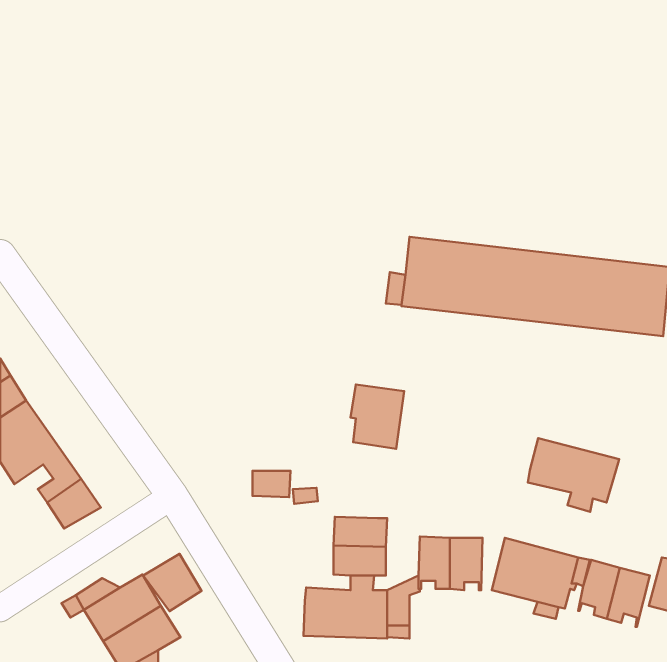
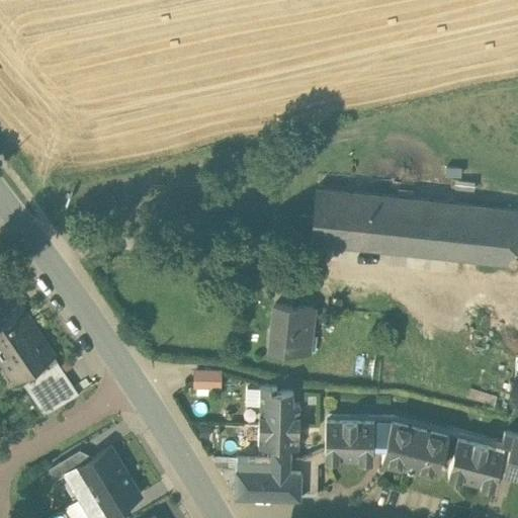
building: [528,438,619,512] -> none
building: none -> [260,387,293,406]
building: [143,554,202,611] -> none

